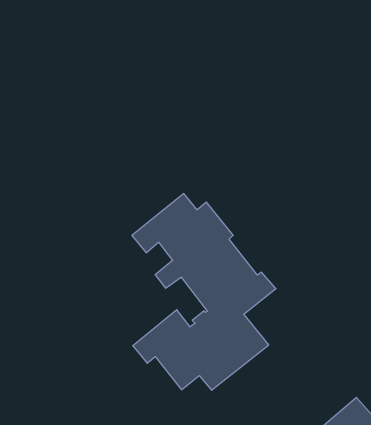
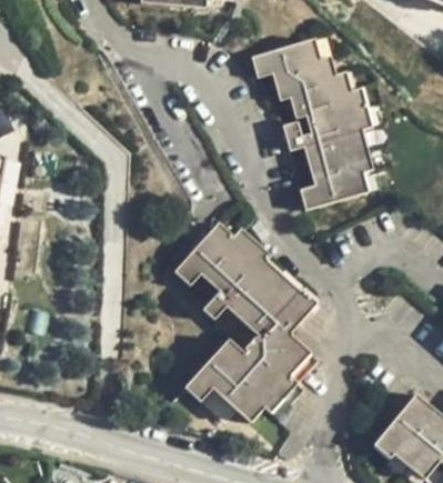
building: none -> [253,42,364,210]

